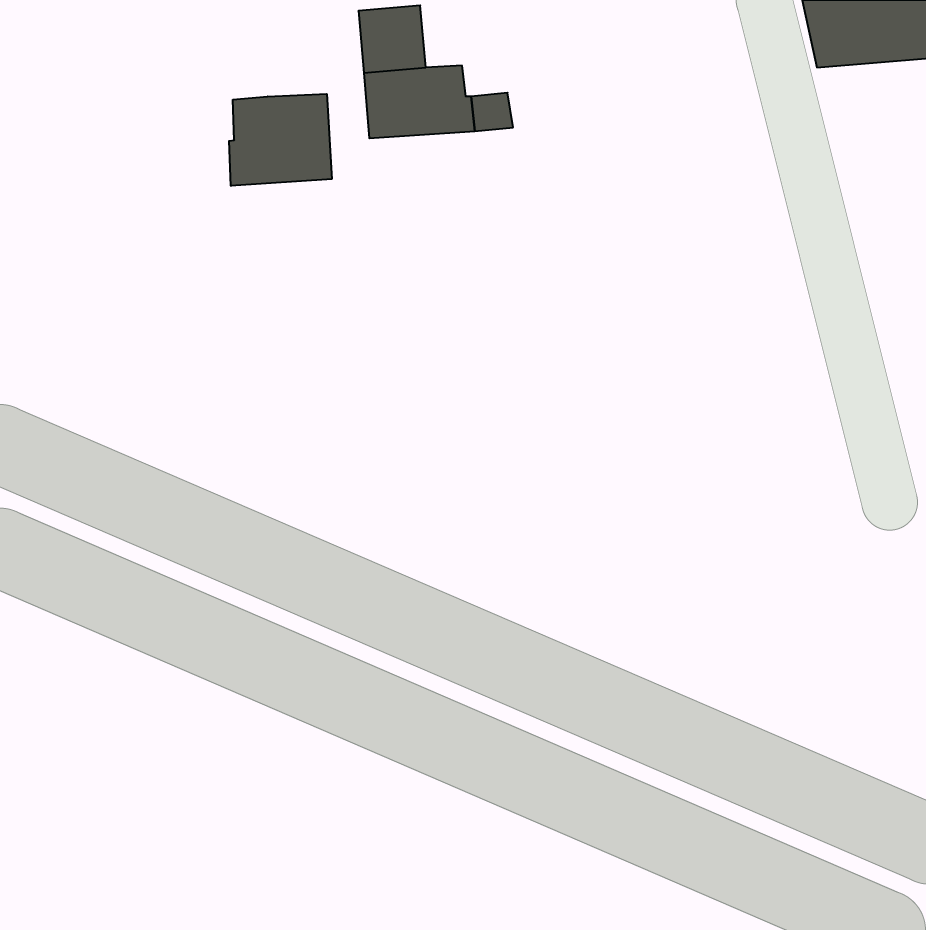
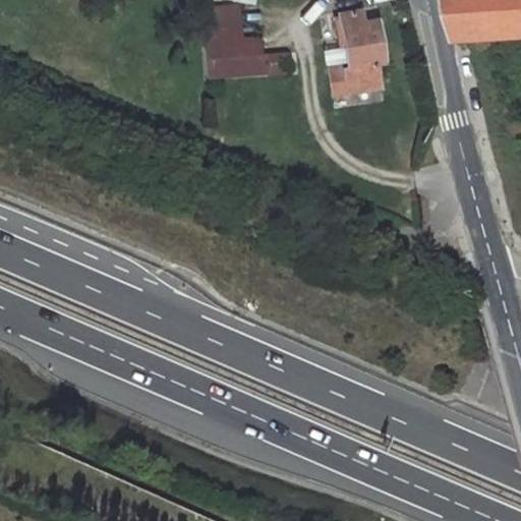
building: none -> [341,11,385,93]
building: [229,94,332,186] -> none

